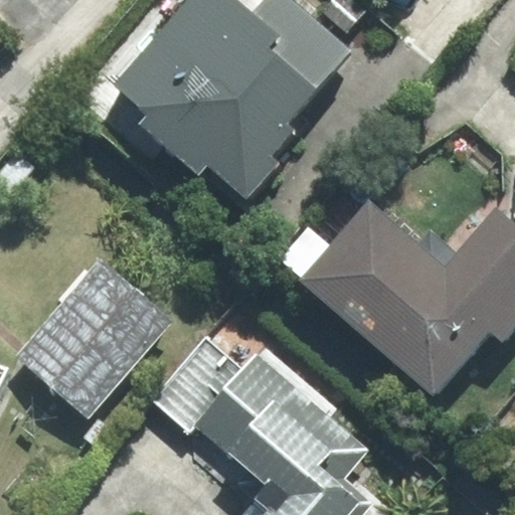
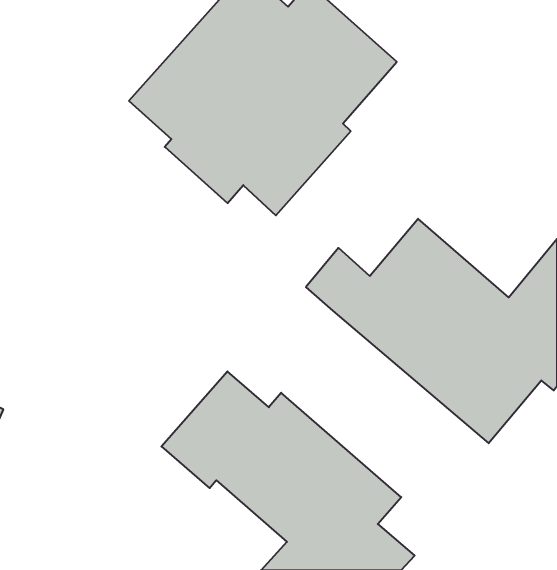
building: [18,256,172,412] -> none

